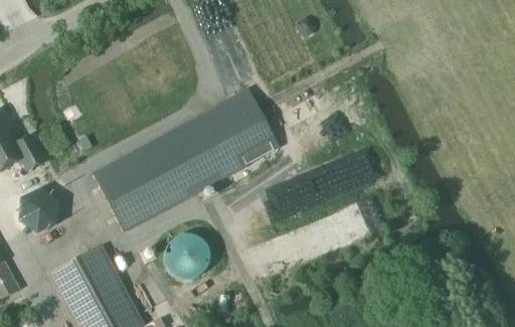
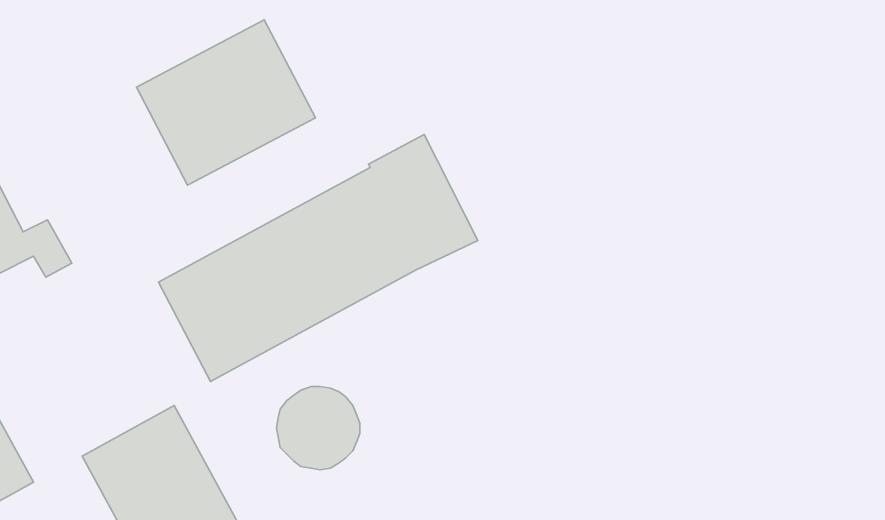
building: none -> [136,20,315,185]
building: [18,188,58,232] -> none

